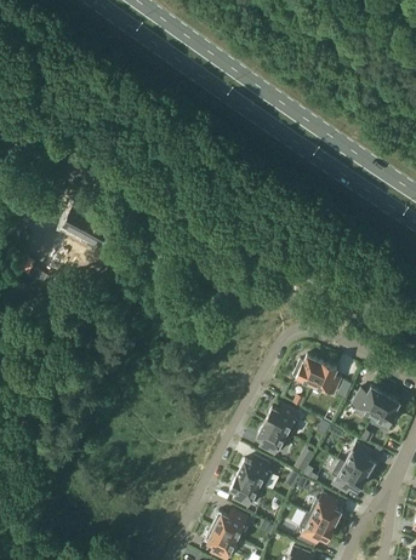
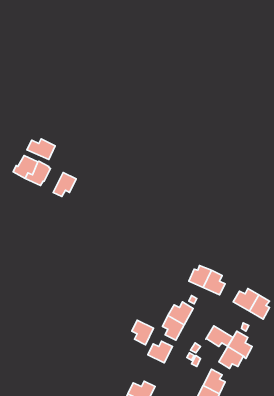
building: none -> [27,139,55,160]
building: none -> [53,172,76,197]
building: none -> [206,326,233,347]
building: [230,475,260,508] -> [132,320,154,345]

